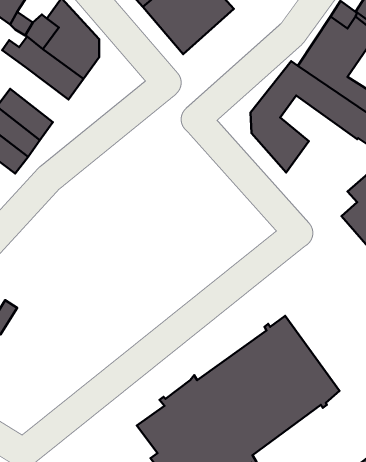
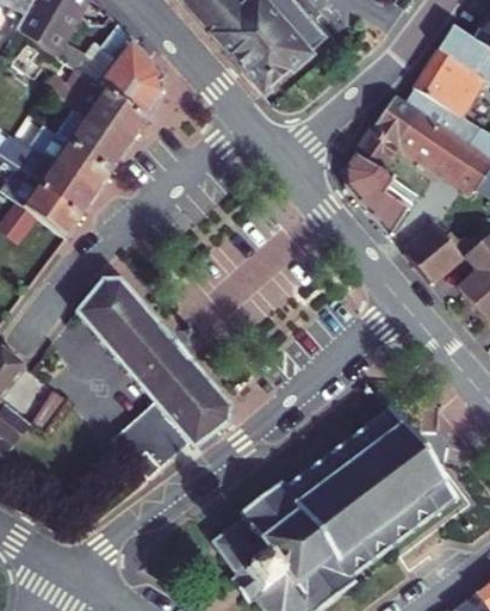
building: none -> [57,107,128,174]
building: none -> [404,226,464,283]
building: none -> [76,277,229,476]

